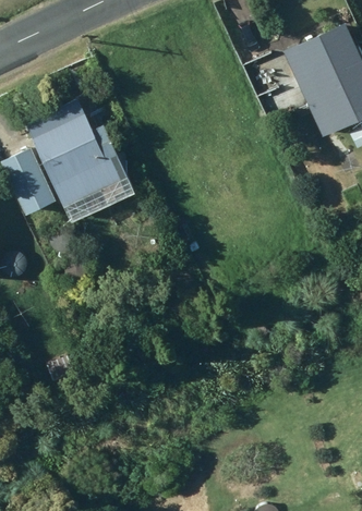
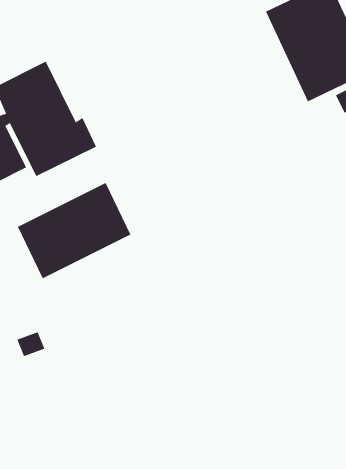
building: none -> [17,182,131,279]

